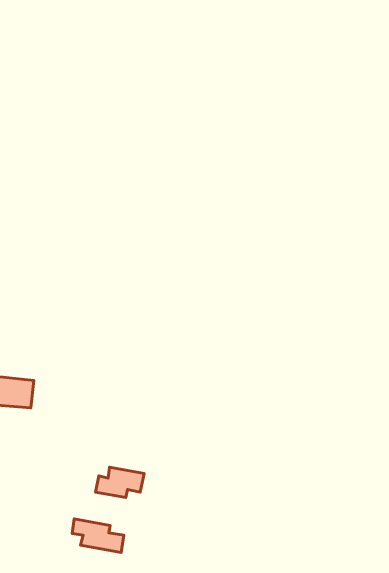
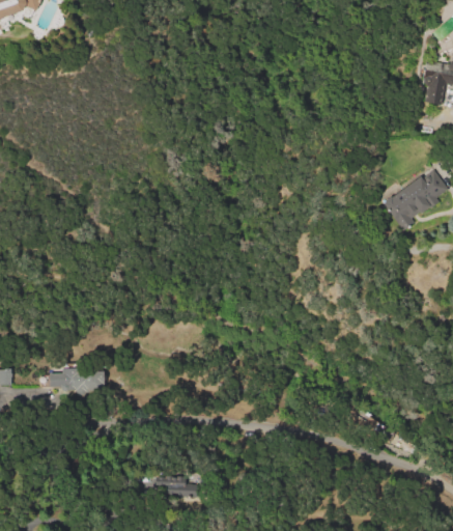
building: [96,467,144,498] -> none

